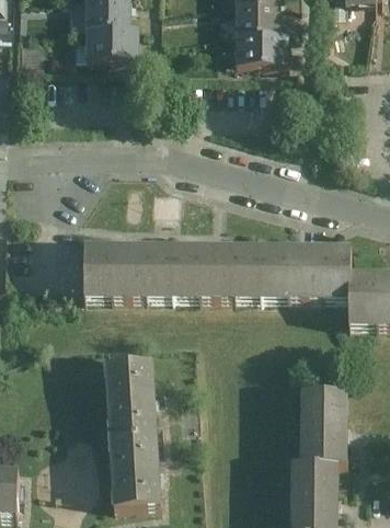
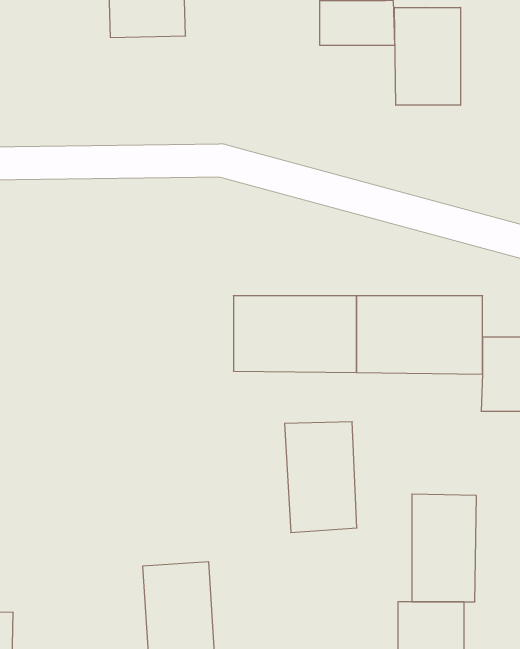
building: none -> [394,7,461,105]
building: [84,243,173,297] -> none
building: [104,357,156,436] -> [285,422,357,533]

